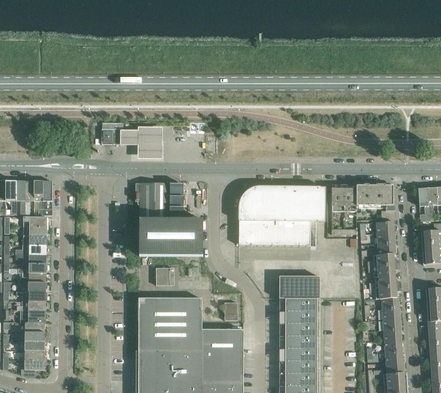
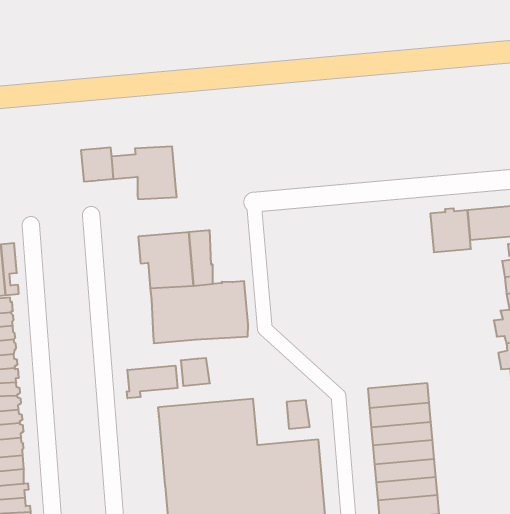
building: [238,186,325,245] -> none
building: none -> [127,366,177,398]
building: [279,276,319,298] -> none

